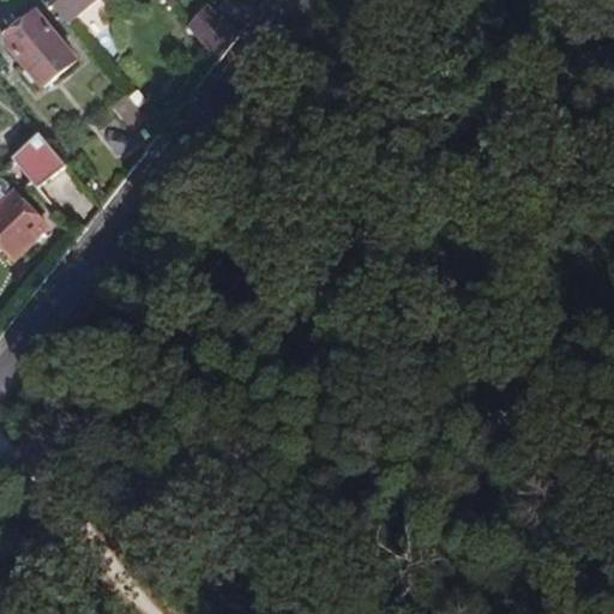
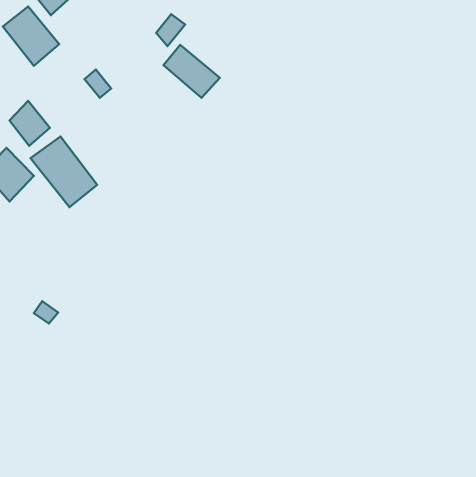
building: none -> [164,45,220,98]
building: none -> [31,136,97,207]

